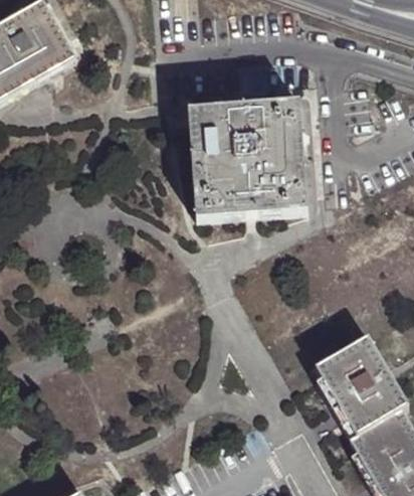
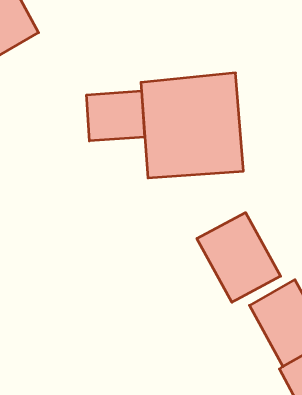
building: none -> [87,91,144,141]
building: none -> [197,213,281,302]

